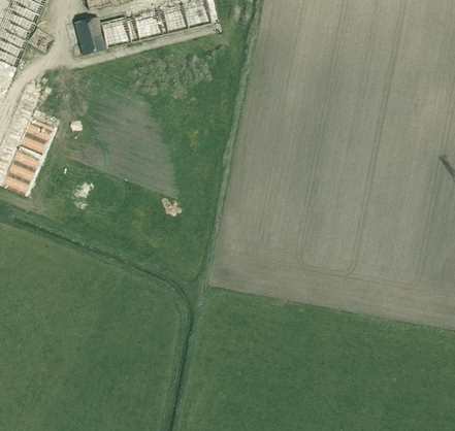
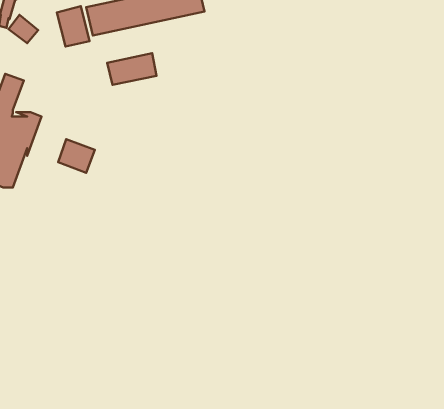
building: none -> [107,53,156,85]
building: none -> [58,139,95,173]

